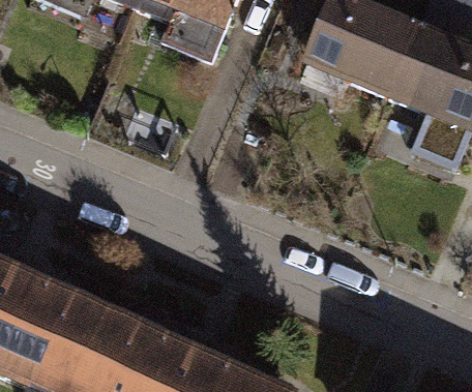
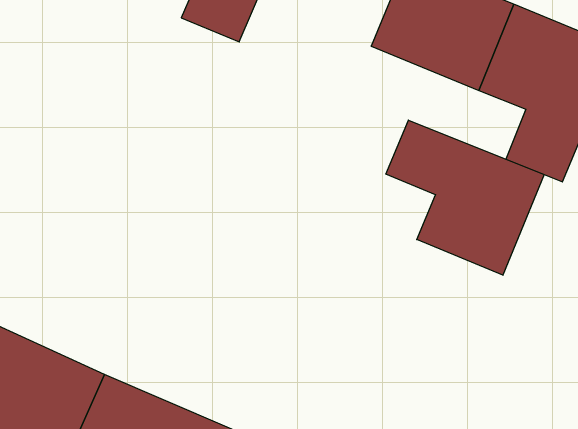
building: none -> [386,120,544,275]

